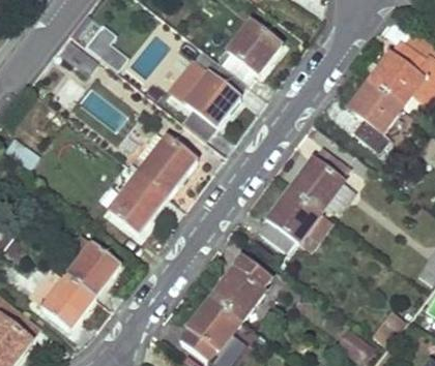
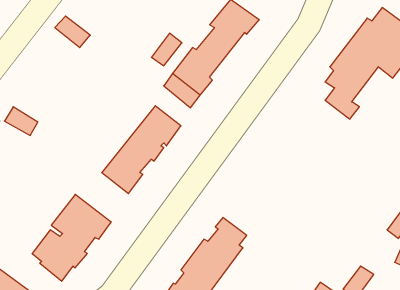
building: [261,147,351,250] -> none

